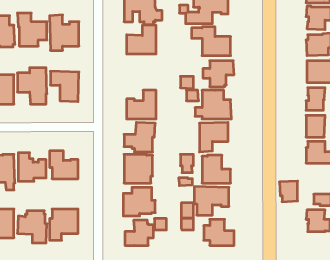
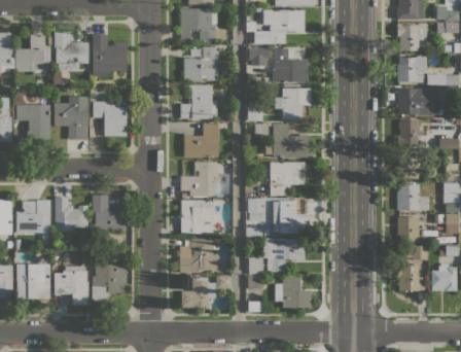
building: none -> [180,84,217,118]
building: [279,181,298,202] -> [396,217,418,242]

